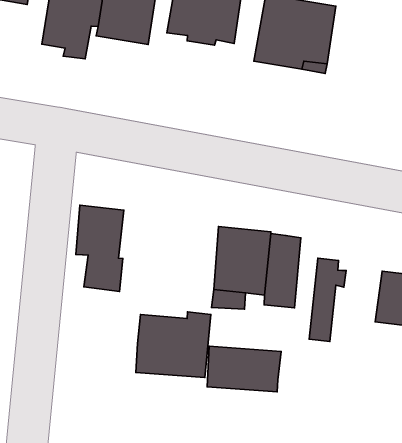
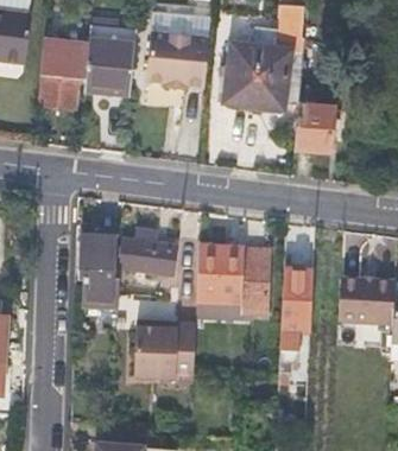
building: none -> [293,102,337,152]
building: none -> [119,237,177,272]
building: [207,346,281,392] -> none

